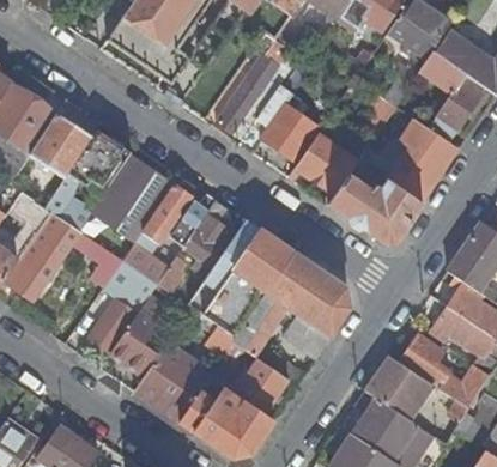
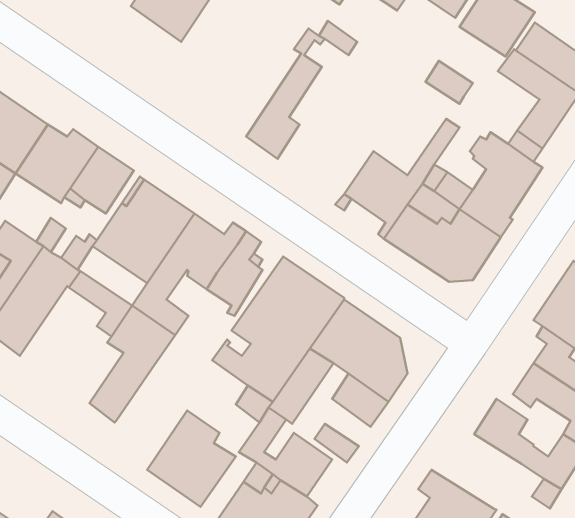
building: [238,83,317,160] -> none
building: [110,310,156,374] -> none
building: [365,356,438,423] -> none

